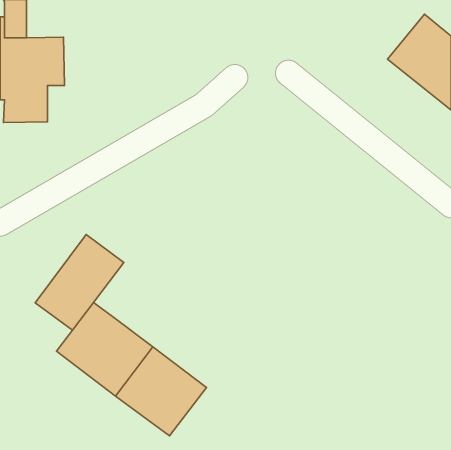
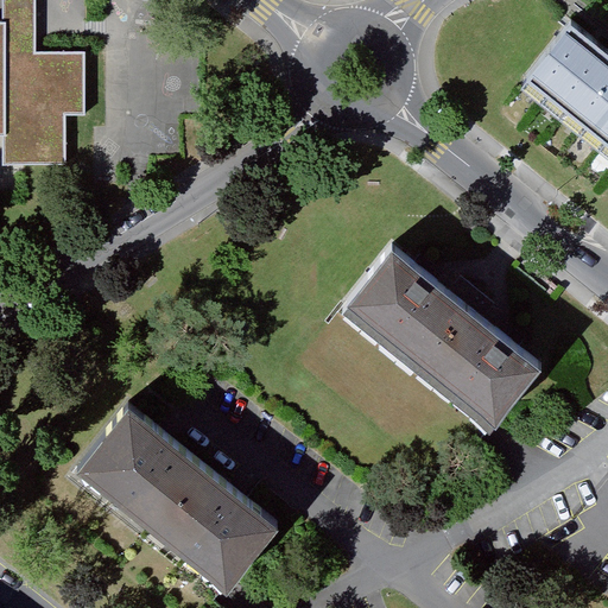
building: none -> [338,251,537,431]
building: [35,234,124,330] -> none

